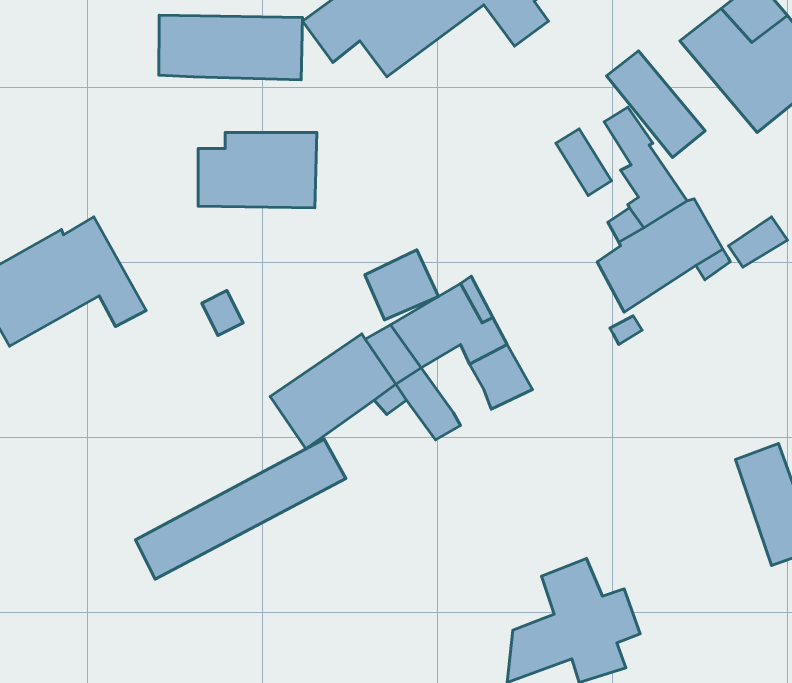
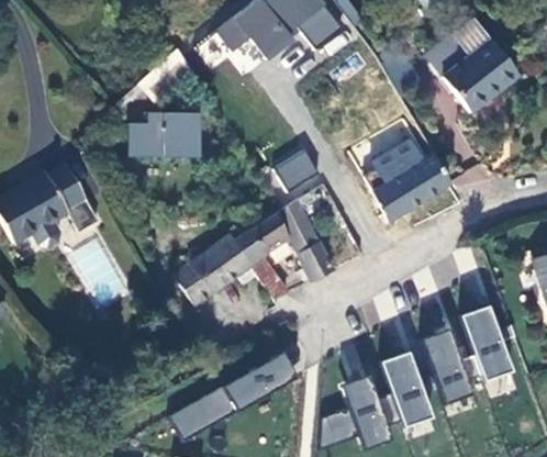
building: [159,15,302,80] -> none
building: [607,51,705,157] -> none
building: [365,250,438,320] -> [275,148,320,191]
building: [135,439,346,579] -> [171,352,300,437]
building: none -> [418,326,470,402]
building: none -> [380,349,431,425]

